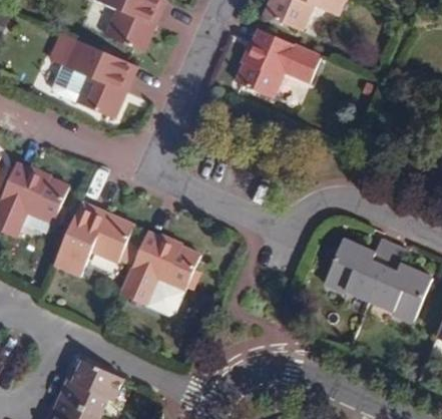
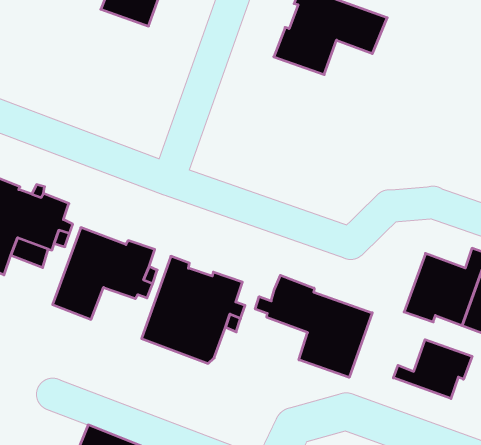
building: [52,39,132,117] -> none
building: none -> [255,275,372,377]
building: none -> [393,340,472,399]

